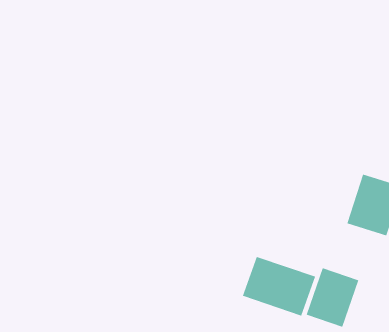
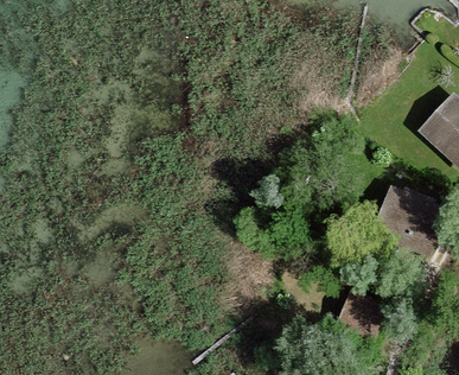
building: [242,256,316,316] -> none

